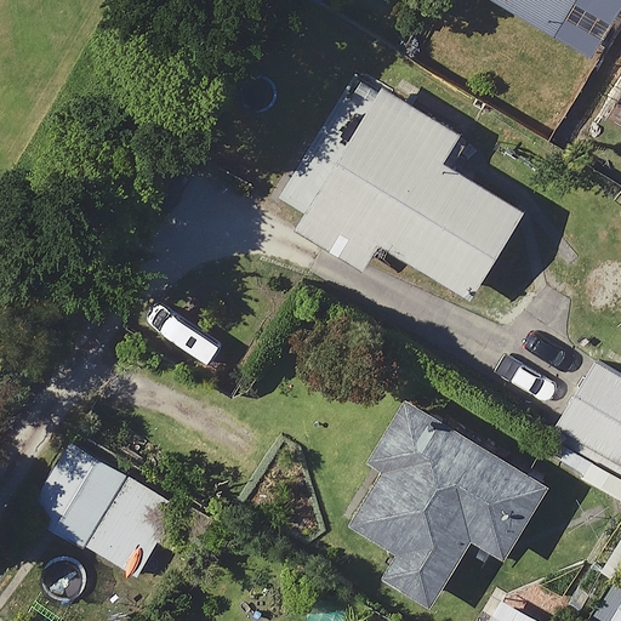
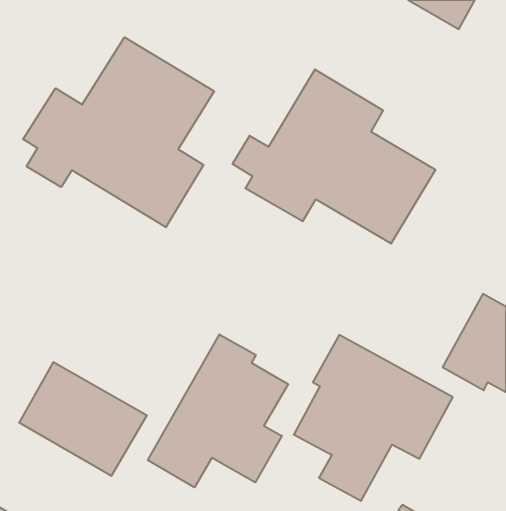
building: none -> [23,37,214,227]
building: none -> [148,334,288,487]

